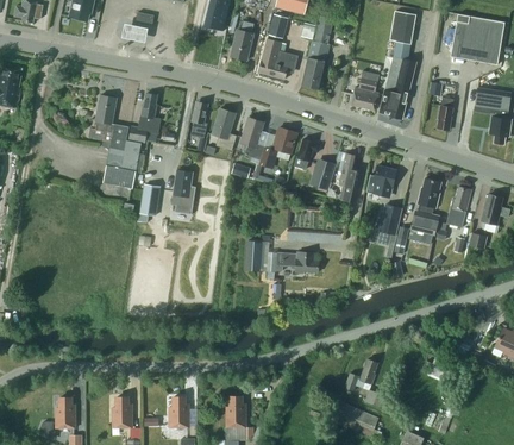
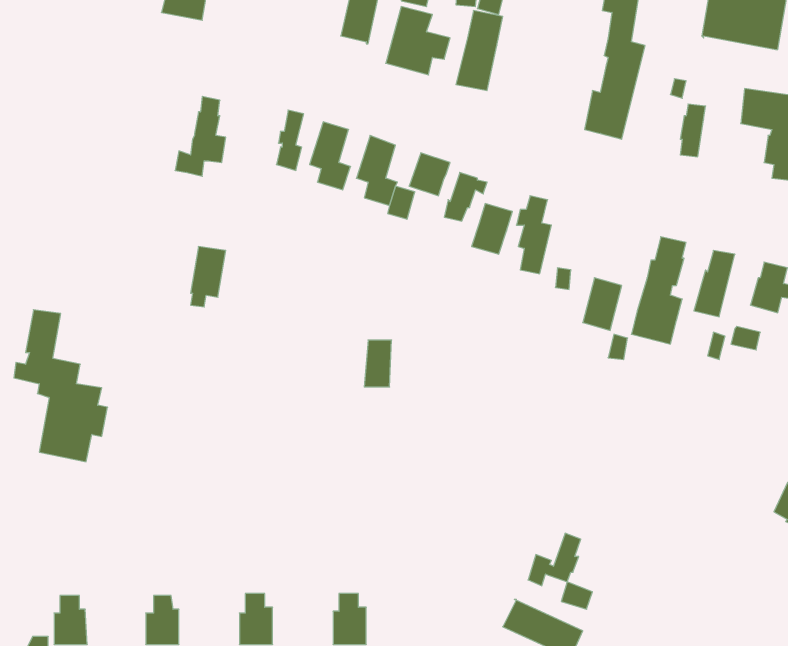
building: [351,71,380,111] -> none
building: [88,95,145,188] -> [14,310,108,462]
building: [366,165,396,198] -> none
building: [171,170,196,214] -> none
building: [268,251,319,272] -> none

